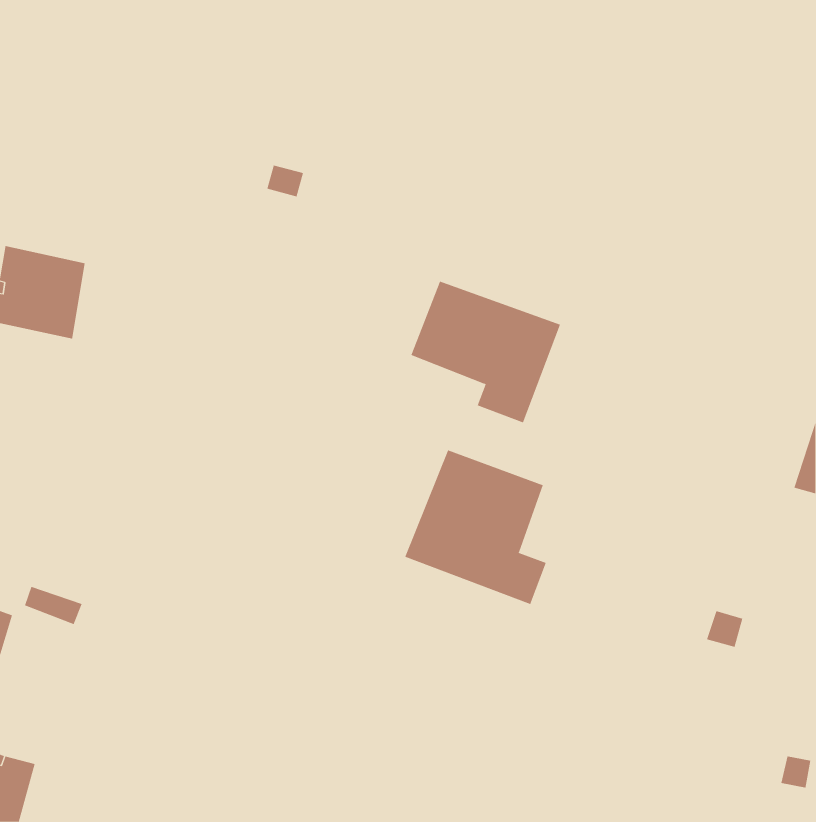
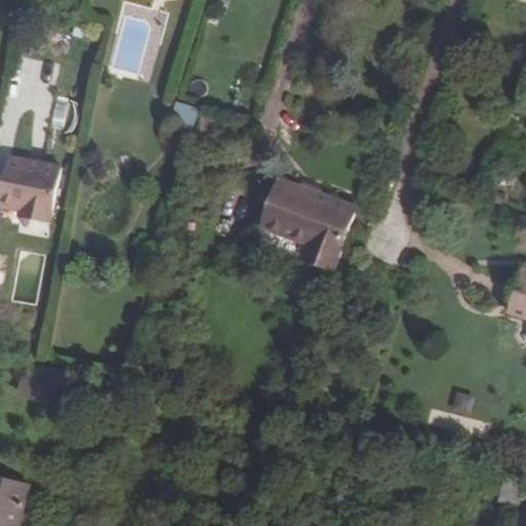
building: [404,450,546,605] -> none

